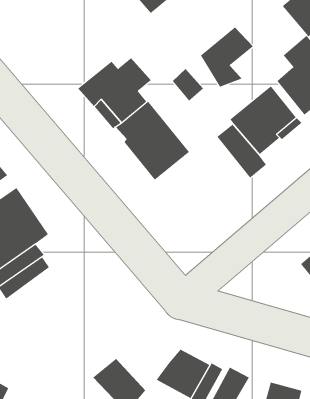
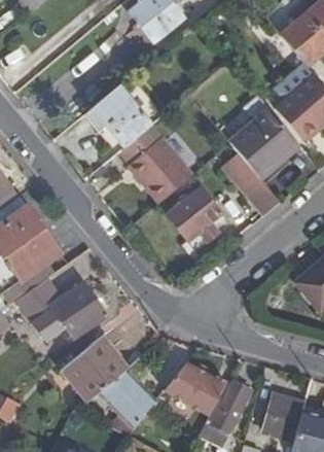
building: [200,27,254,88] -> none
building: none -> [168,186,222,241]
building: none -> [32,283,107,342]
building: none -> [61,339,127,402]

